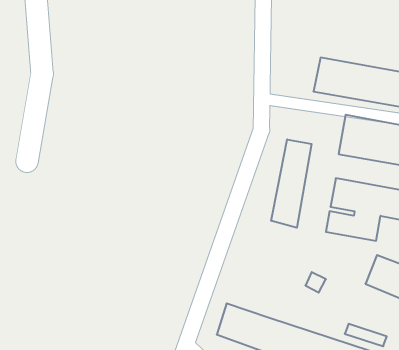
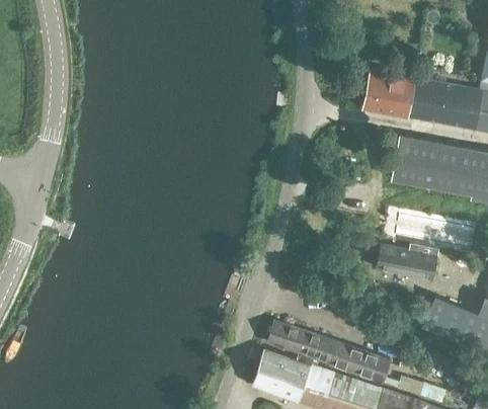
building: [271,139,312,228] -> none
building: none -> [267,323,391,384]

